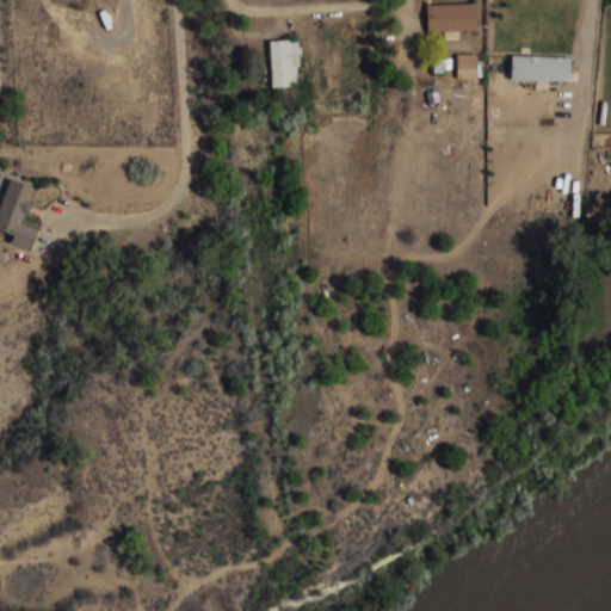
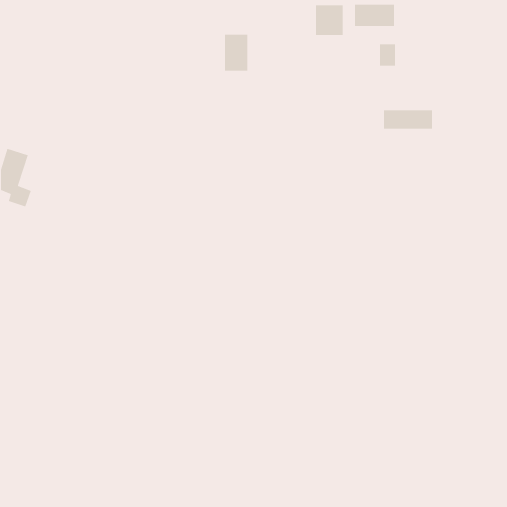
building: none -> [315,4,343,36]
building: [511,56,570,80] -> [383,110,433,129]

